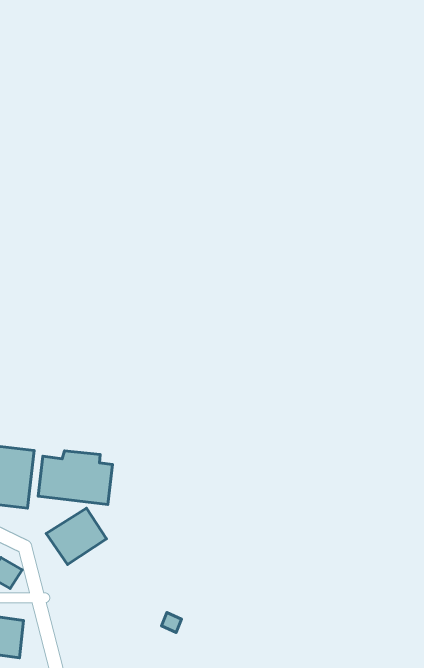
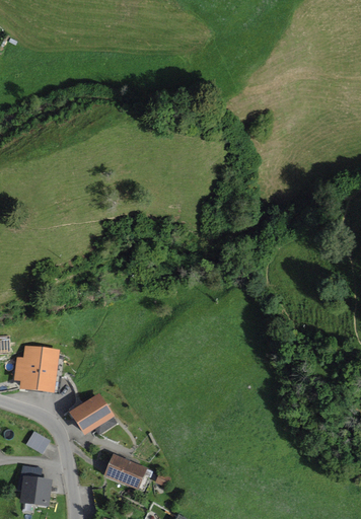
building: [38,451,113,505] -> none
building: none -> [103,452,147,489]

